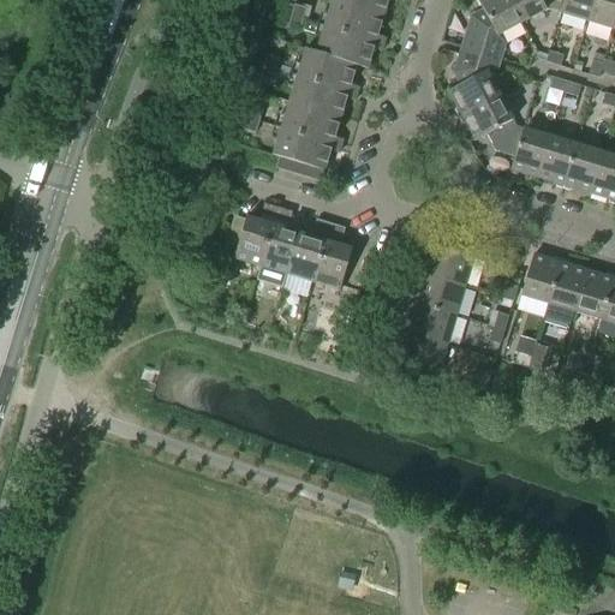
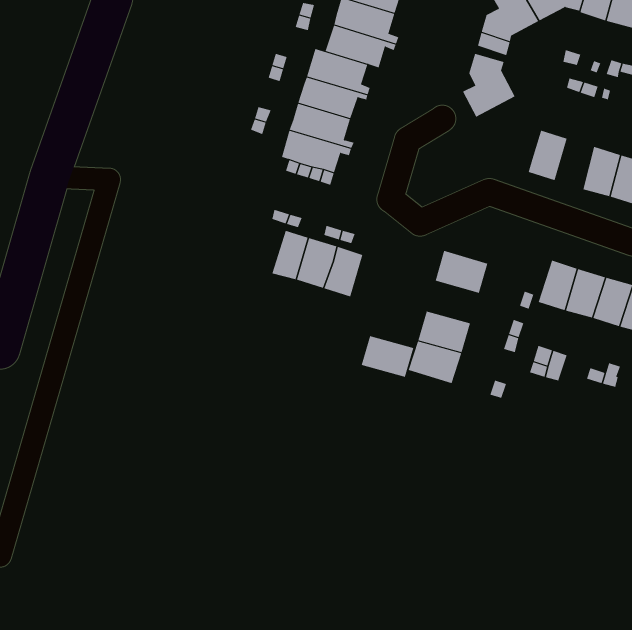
building: [462,94,525,155] -> none
building: [539,135,577,184] -> none
building: [235,215,277,265] -> none
building: [414,273,466,314] -> [361,335,414,377]

